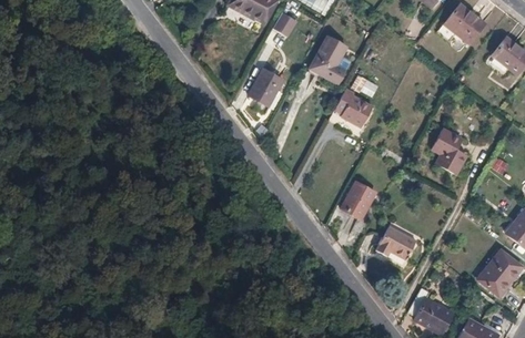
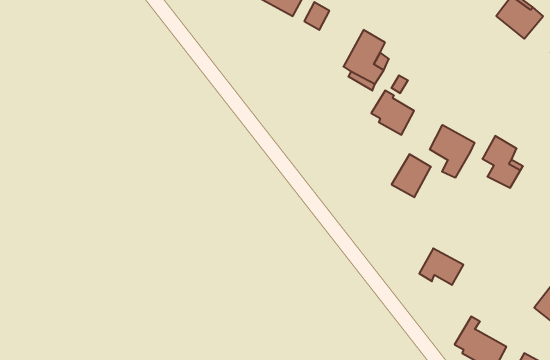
building: [249,69,282,106] -> none
building: none -> [430,125,474,178]
building: [341,182,375,219] -> [392,154,431,197]

